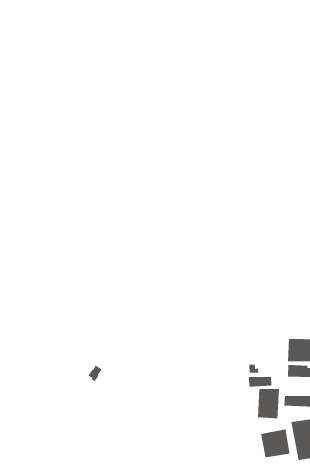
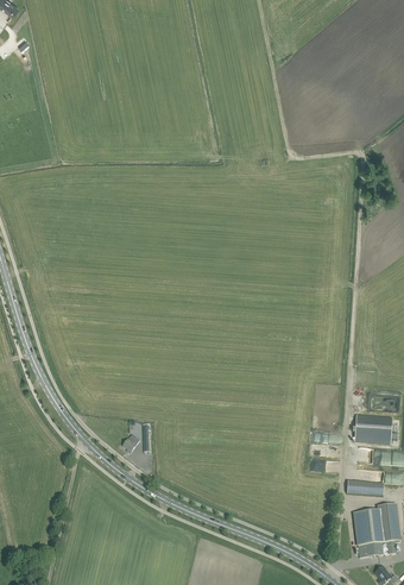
building: [258,388,279,419] -> none
building: [261,428,290,458] -> none

